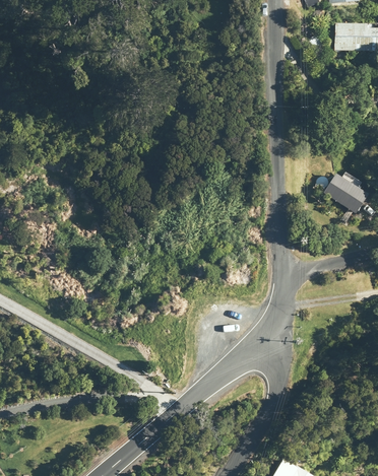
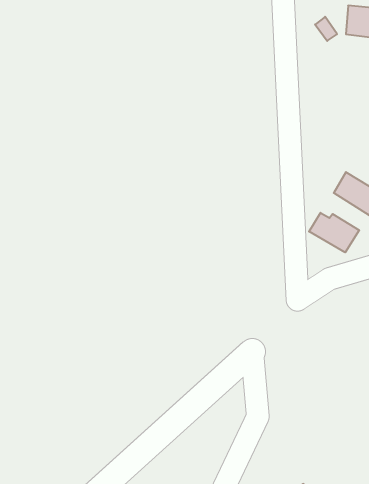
building: none -> [309,213,359,252]

